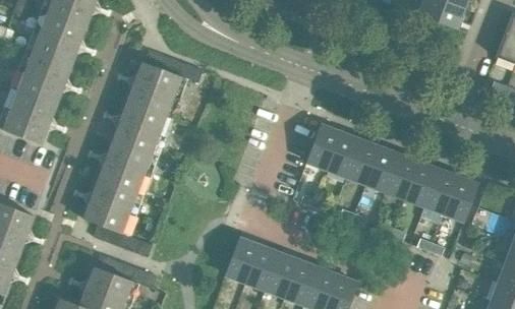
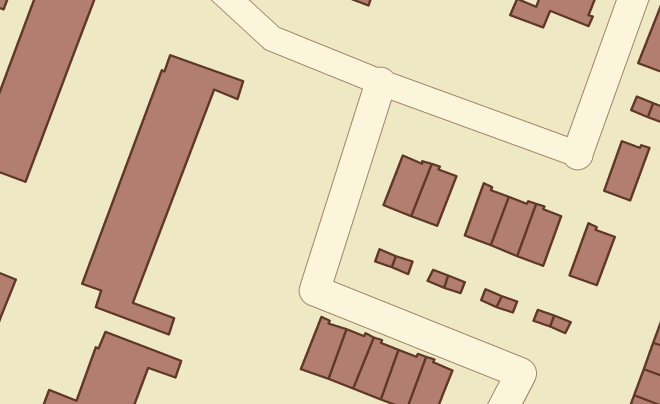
building: [345,140,380,184] -> none
building: [423,170,457,213] -> [604,141,649,200]
building: [224,239,260,283] -> none

